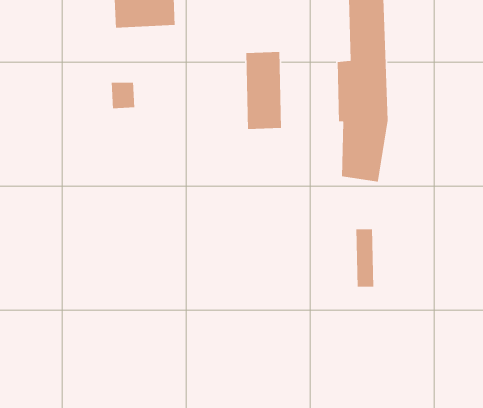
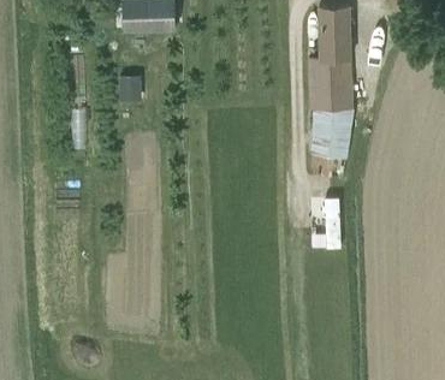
building: [245,51,282,130] -> none

